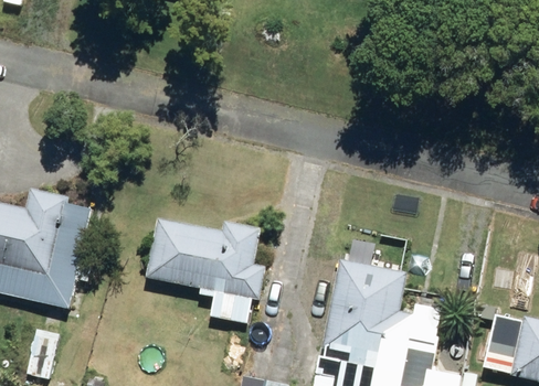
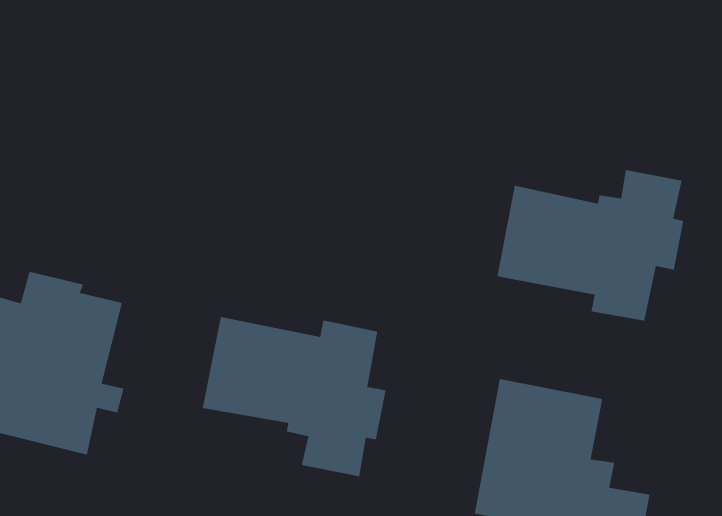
building: none -> [497,169,684,322]

